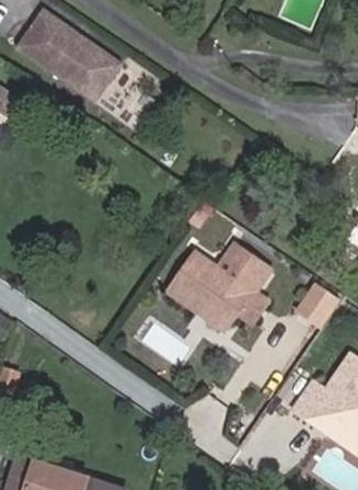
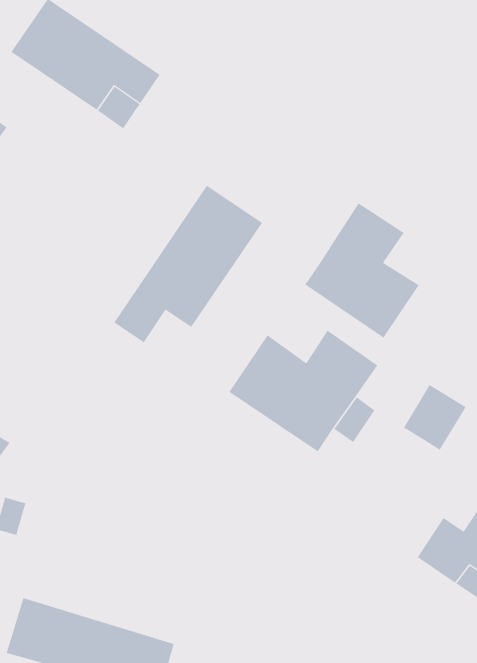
building: none -> [114,185,263,343]
building: none -> [305,202,419,338]

